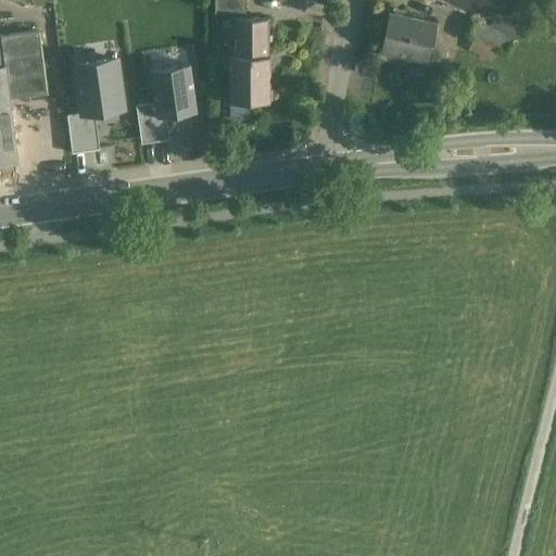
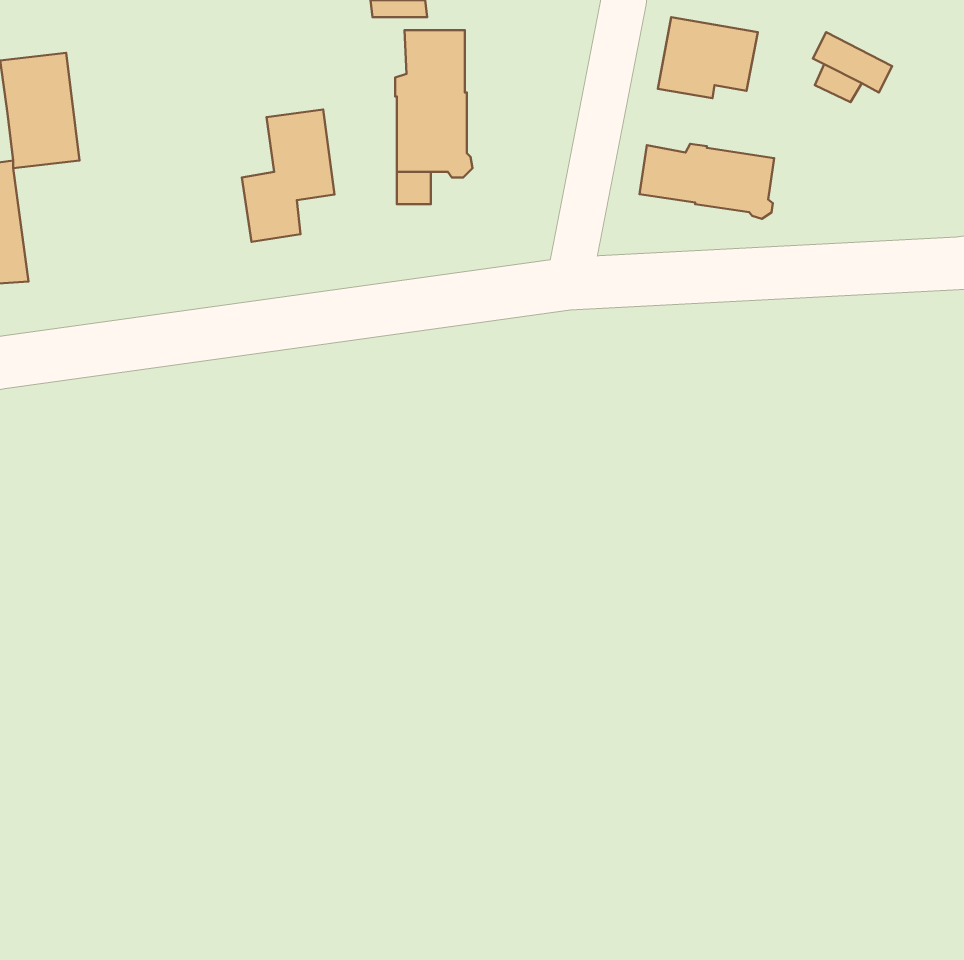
building: [67,58,130,154] -> none
building: none -> [640,144,774,219]

